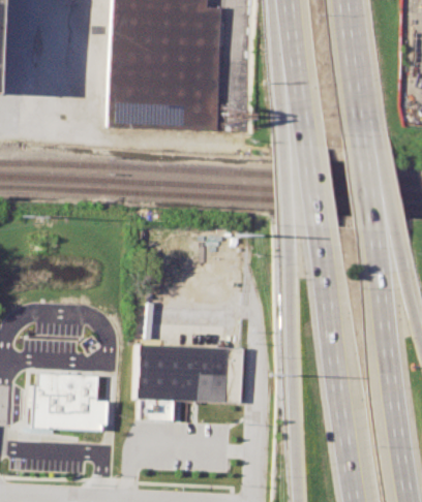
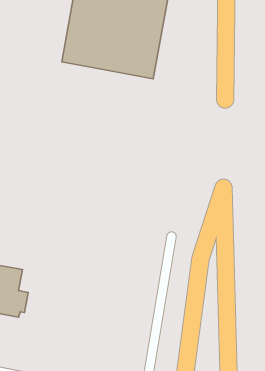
building: [137,336,243,409] -> none

